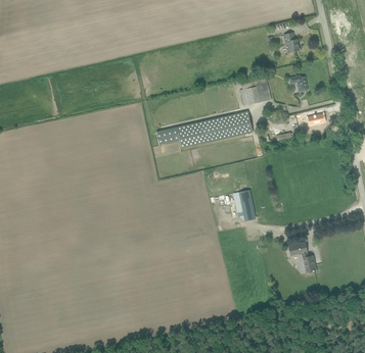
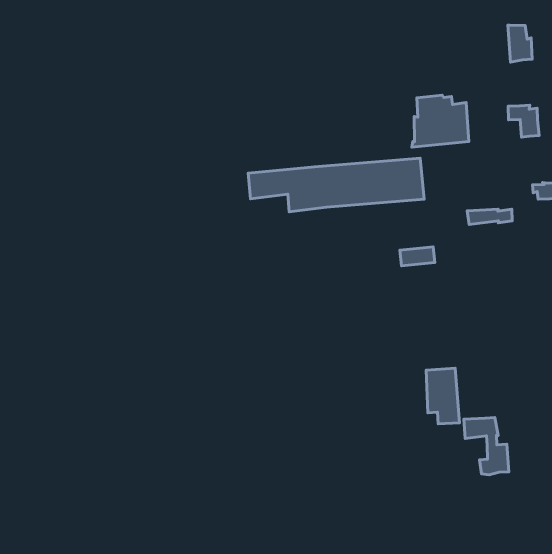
building: [234,190,256,220] -> [426,368,459,424]

